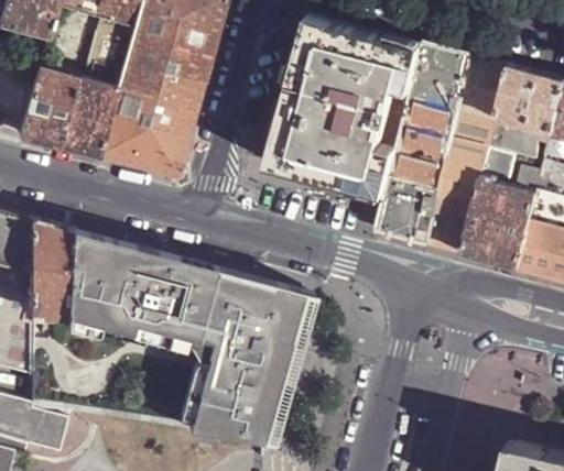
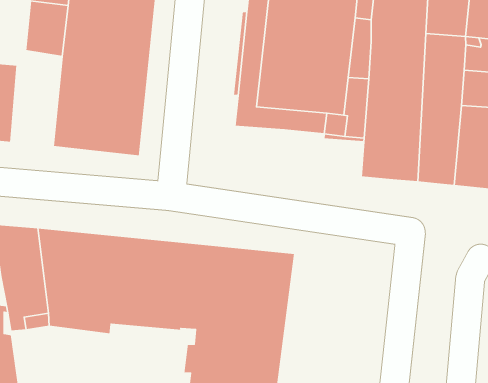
building: [61,78,118,158] -> none

